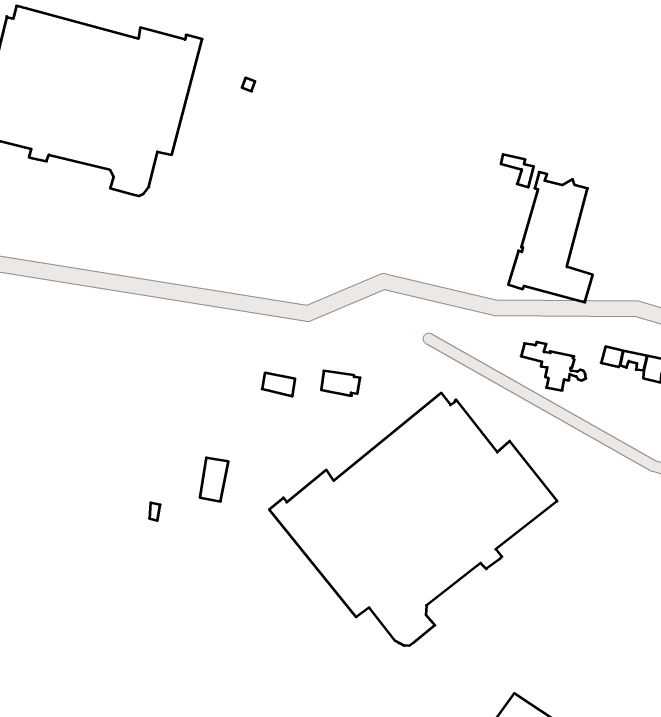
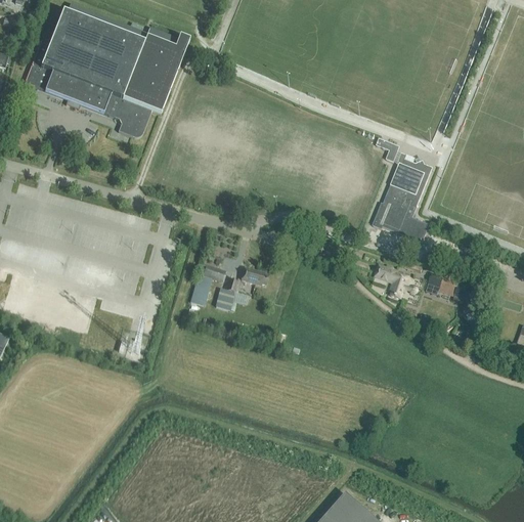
building: none -> [214,279,236,311]
building: [269,393,557,646] -> none
building: [200,458,228,501] -> [189,276,211,306]

